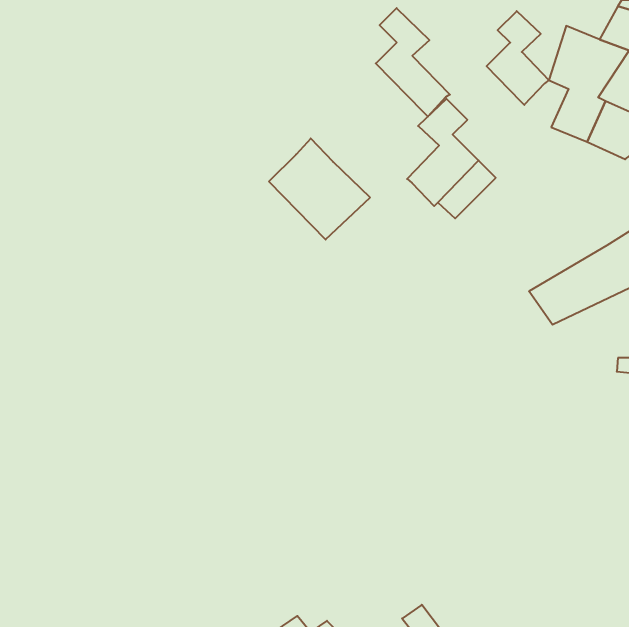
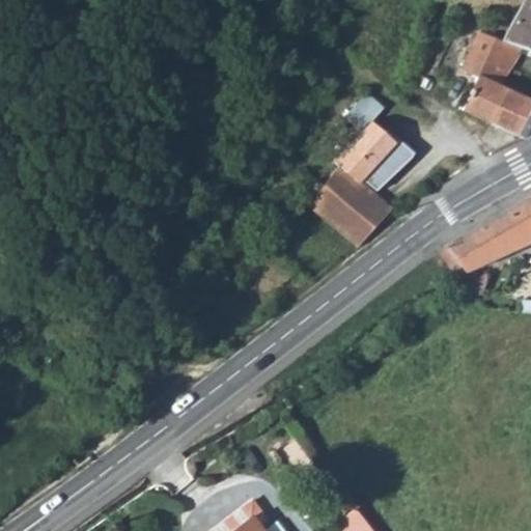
building: [376,8,450,117] -> none
building: [487,11,549,105] -> none
building: [269,138,370,240] -> [312,157,397,242]

